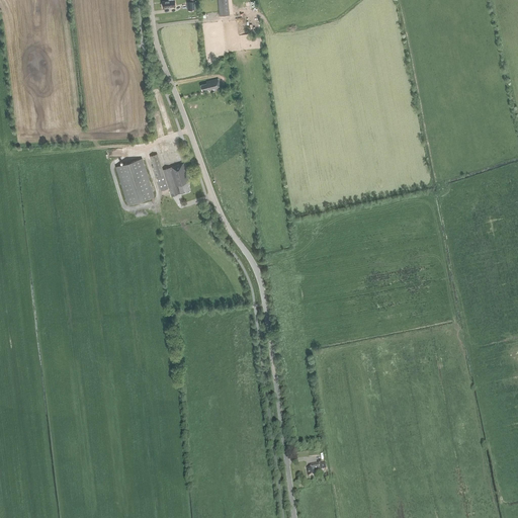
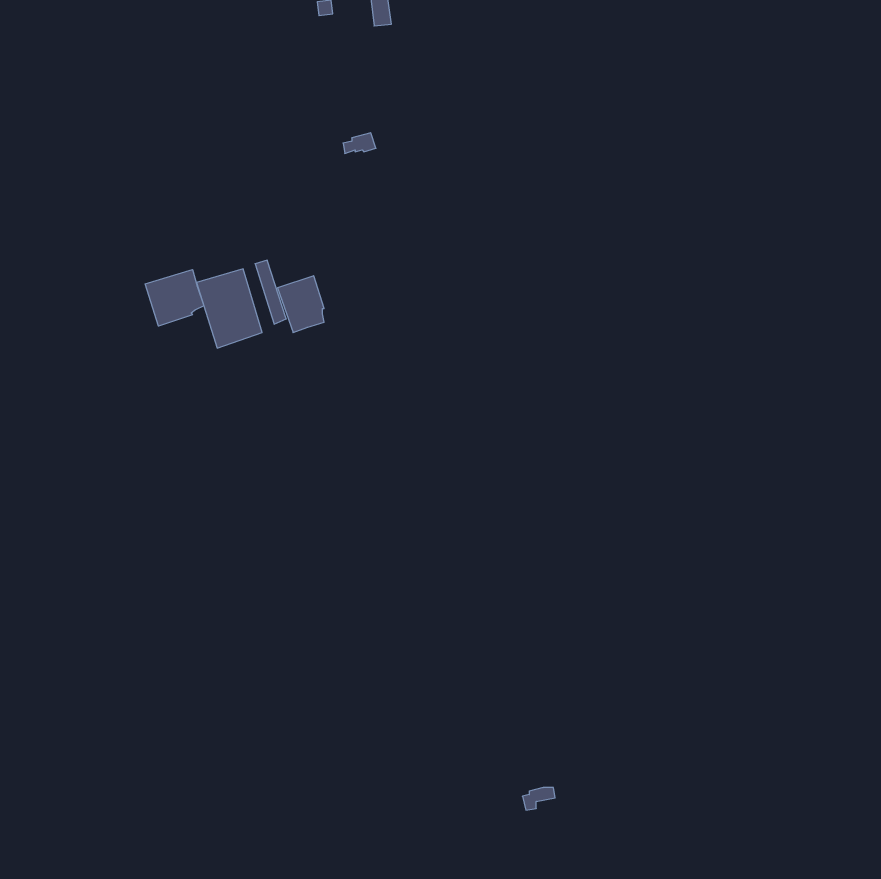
building: none -> [145,270,204,326]

